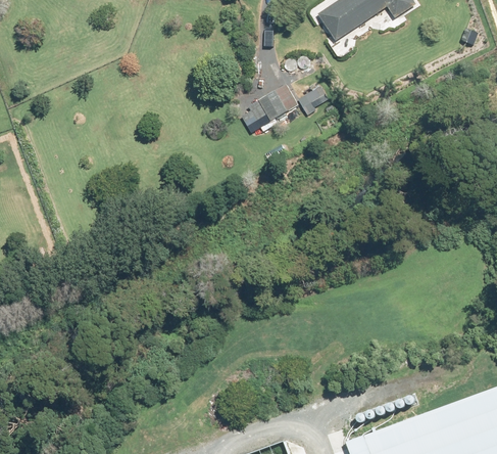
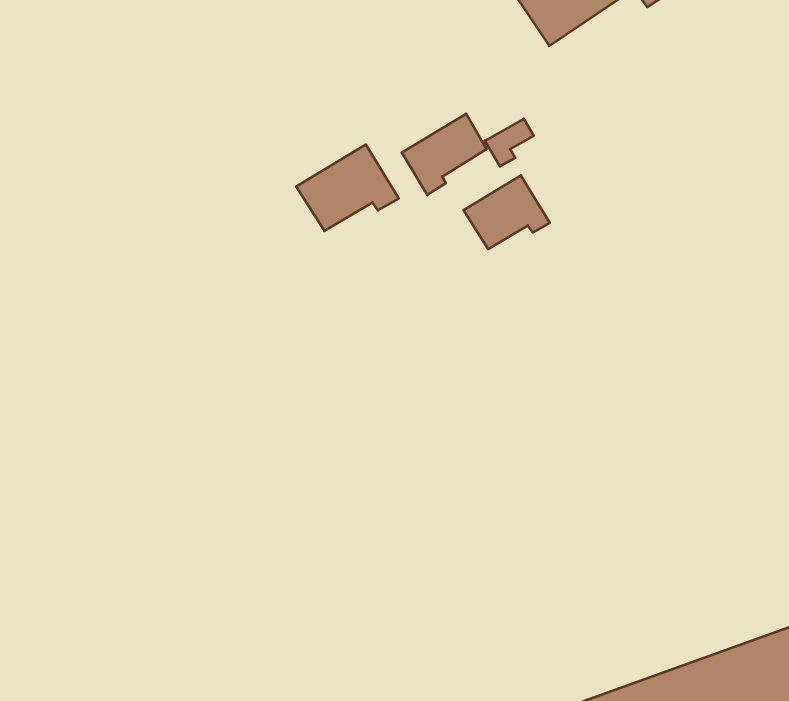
building: none -> [296,145,399,231]
building: none -> [464,175,550,249]

